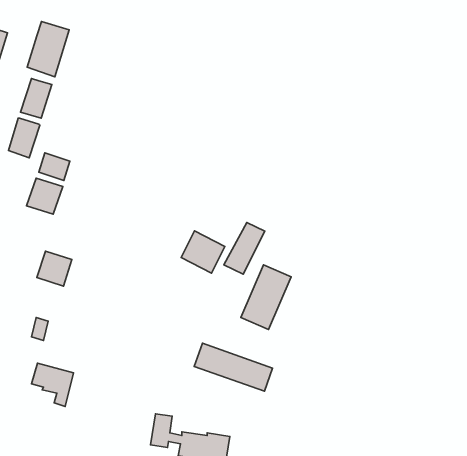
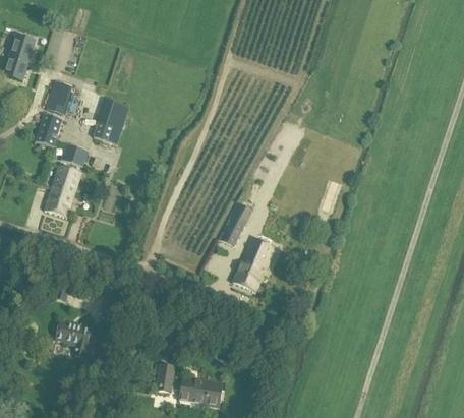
building: [27,21,69,77] -> [94,98,129,144]
building: [181,231,225,273] -> none
building: [37,251,72,286] -> [44,187,73,217]
building: [194,343,273,391] -> none

